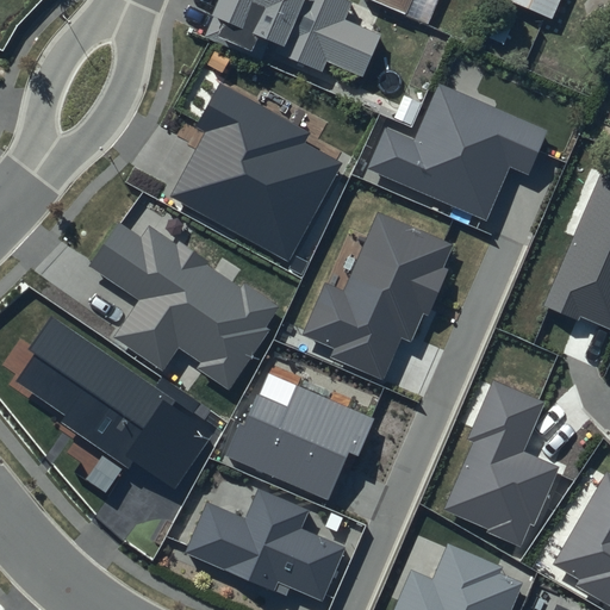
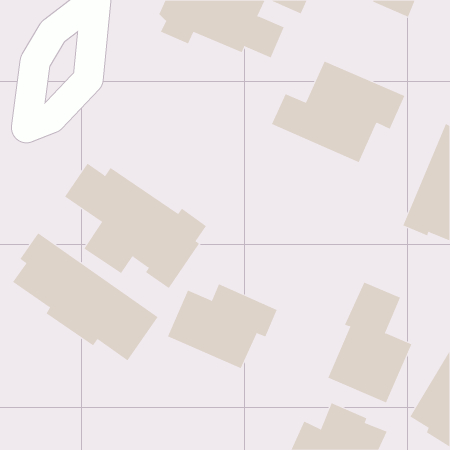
building: [169,82,343,262] -> none
building: [301,212,453,379] -> none
building: [185,488,346,602] -> none

